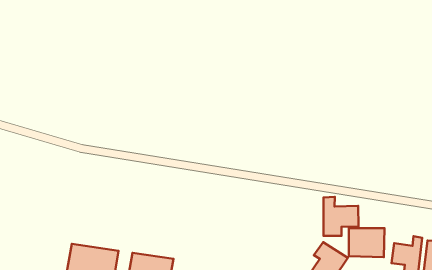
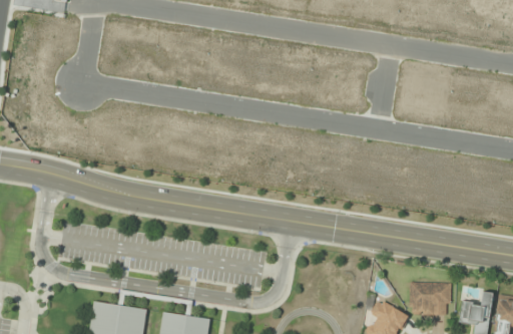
building: [324,197,358,236] -> none

